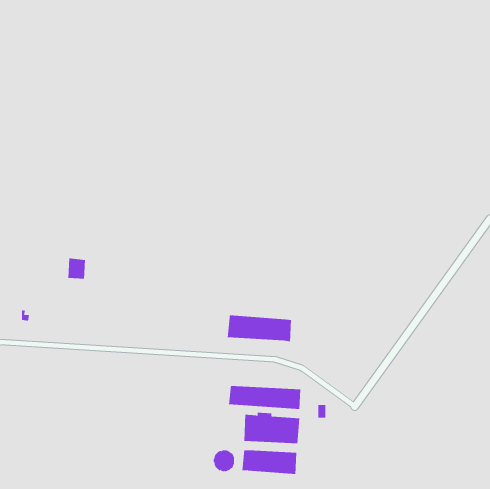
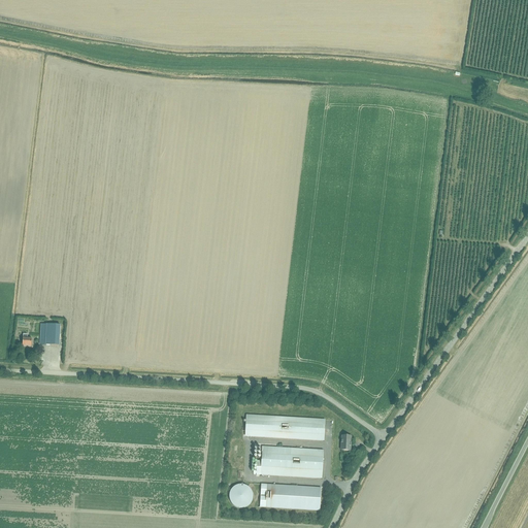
building: [68,258,86,279] -> [40,323,60,345]
building: [227,314,291,342] -> none

